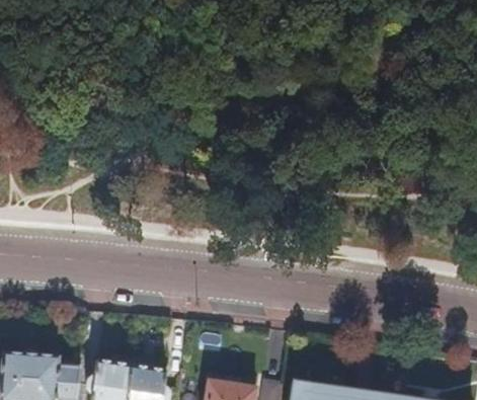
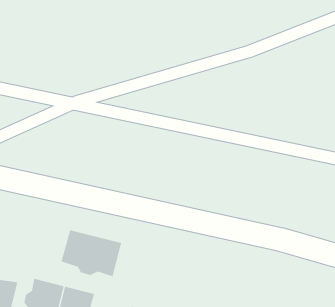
building: none -> [61,229,122,277]

